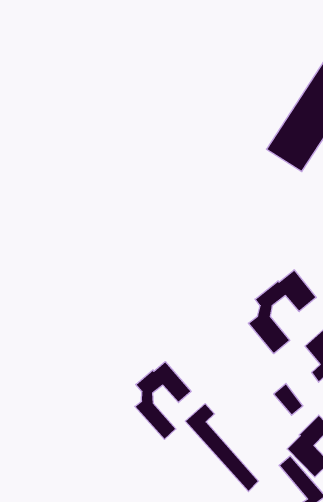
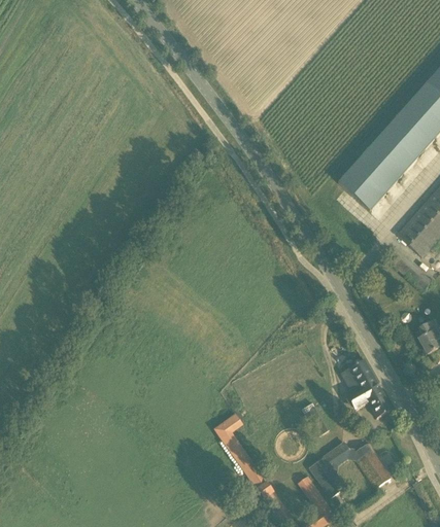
building: [248,270,316,354] -> none
building: [135,362,191,439] -> none

